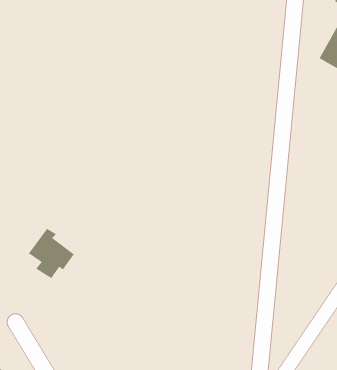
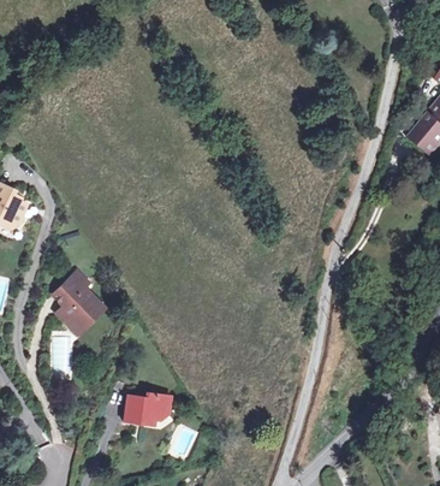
building: none -> [127,396,176,428]

